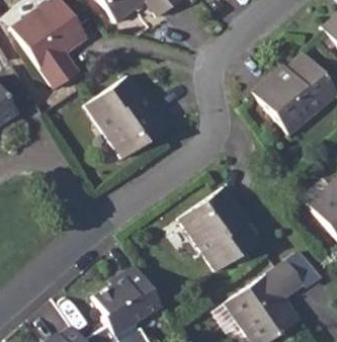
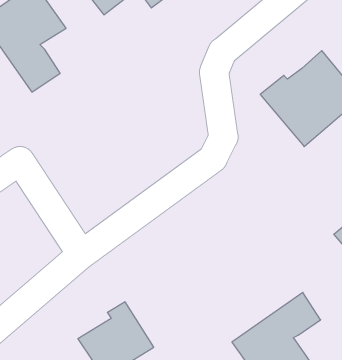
building: [87,75,170,158] -> none
building: [178,186,258,270] -> none

